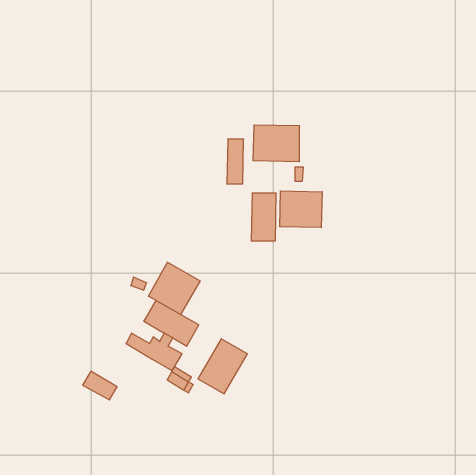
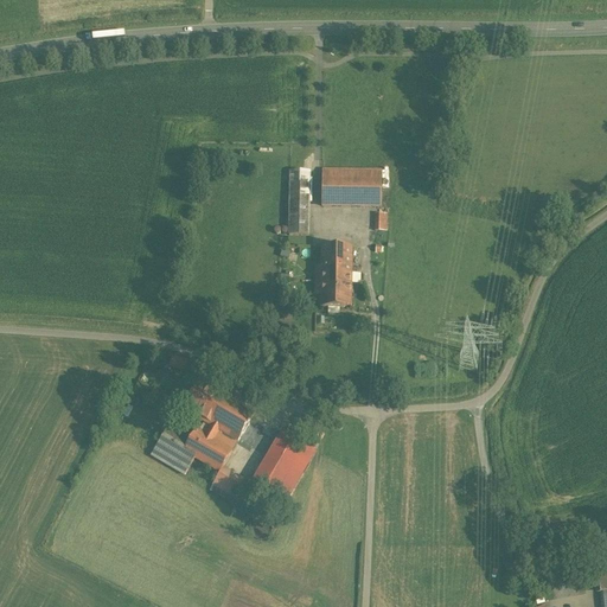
building: [280,191,322,228] -> none
building: [148,262,200,314] -> none
building: [83,371,117,400] -> [149,436,193,473]

